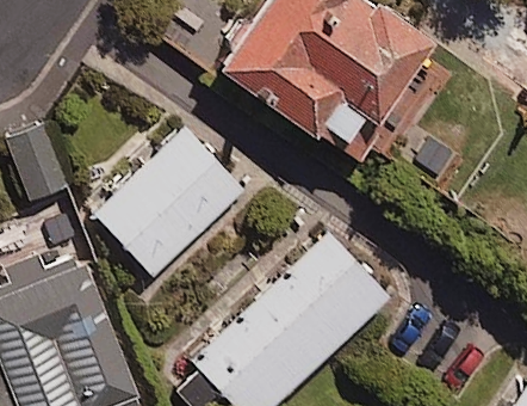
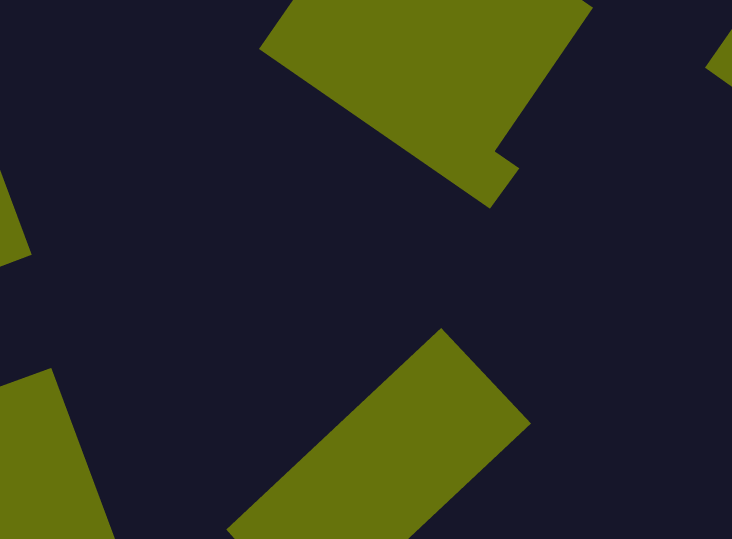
building: [97,133,243,277] -> none

